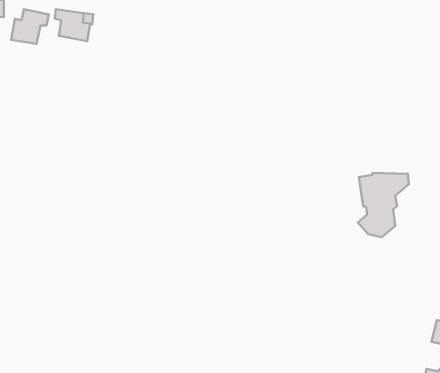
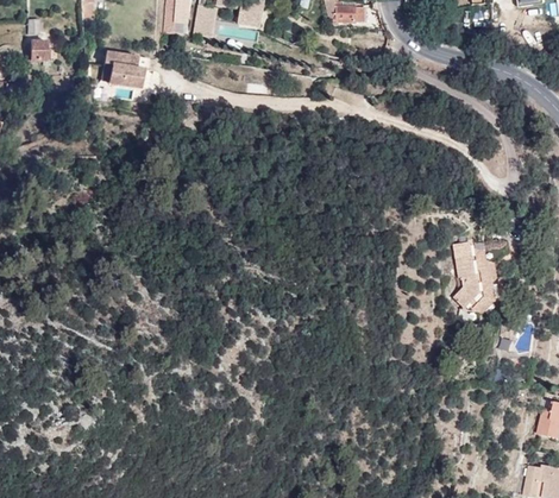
building: [11,9,49,44] -> none

